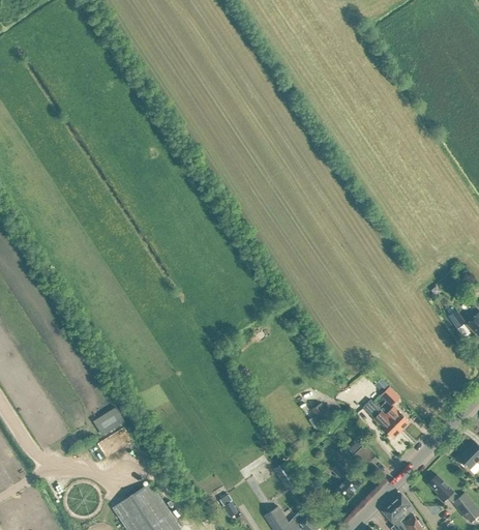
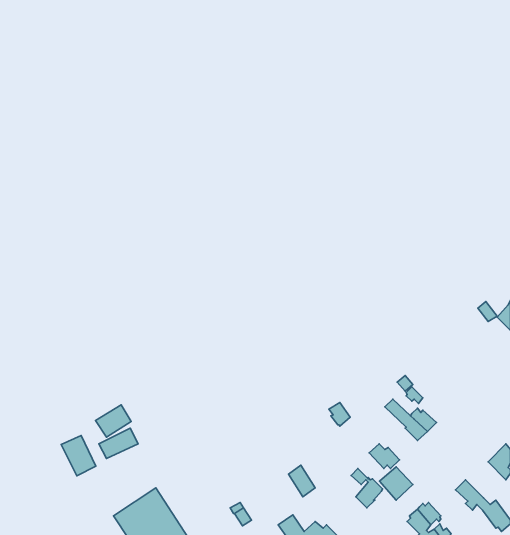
building: none -> [61,435,96,476]
building: none -> [380,467,413,500]

